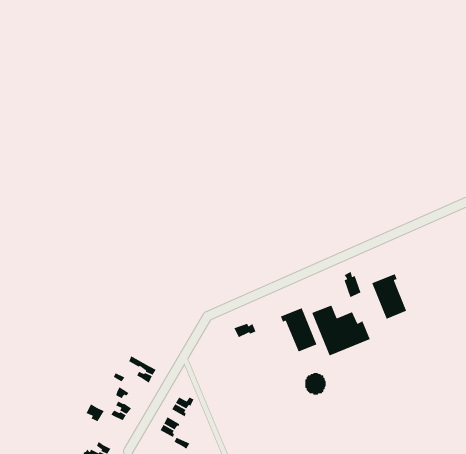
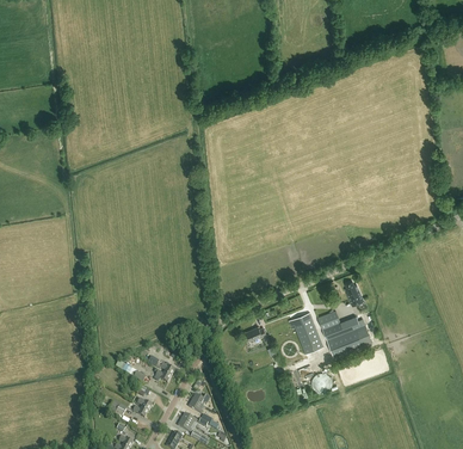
building: [371,273,407,320] -> none

